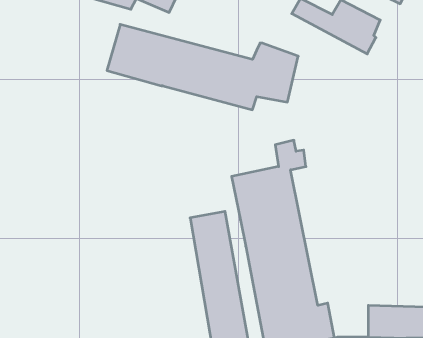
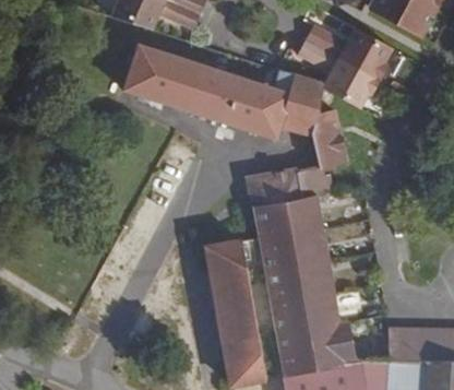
building: none -> [302,38,385,109]
building: none -> [306,107,343,165]
building: none -> [244,159,297,201]

